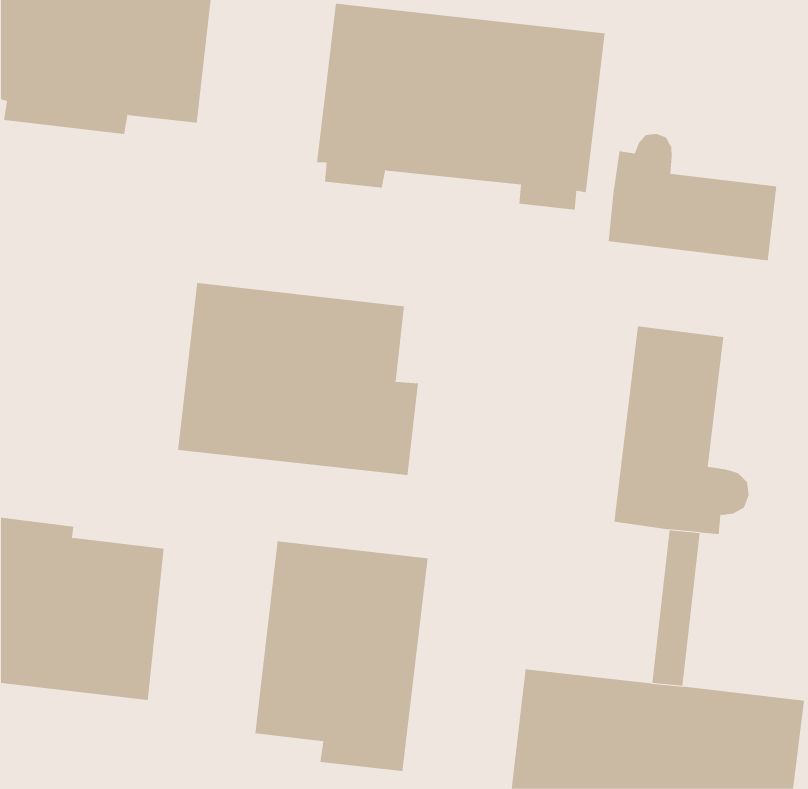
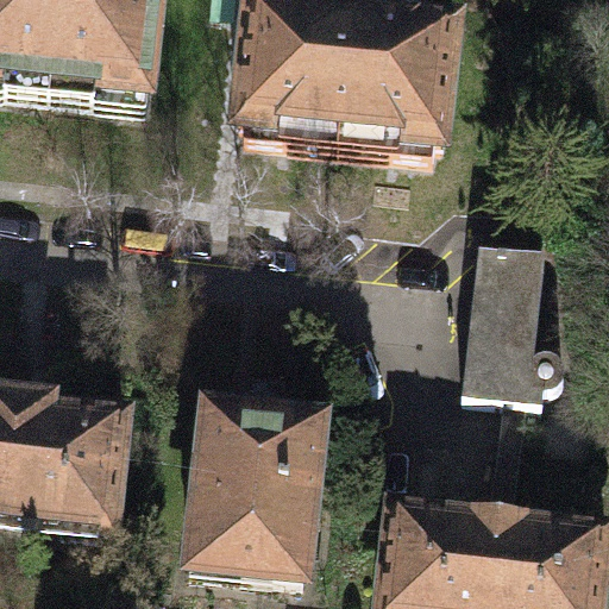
building: [608,133,777,261] -> none
building: [178,282,418,476] -> none

